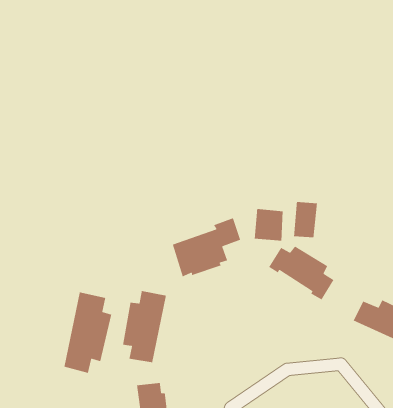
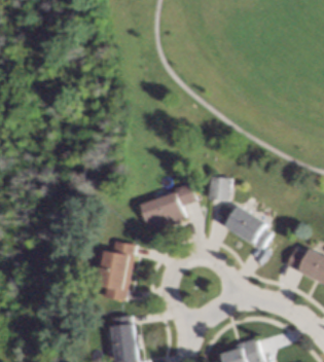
building: [293,201,318,238] -> none
building: [63,292,112,374] -> none

